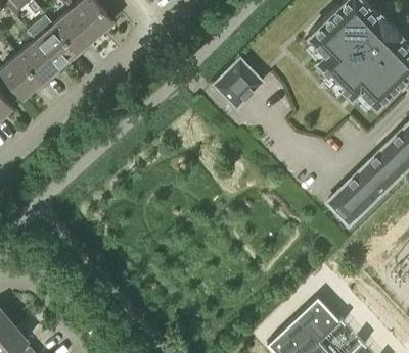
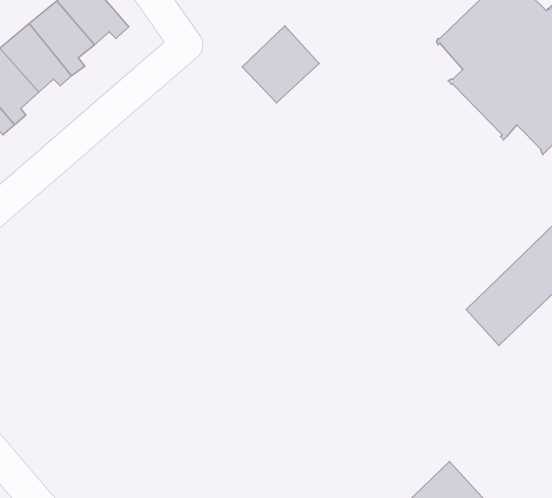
building: [216,60,264,108] -> [242,26,319,103]

